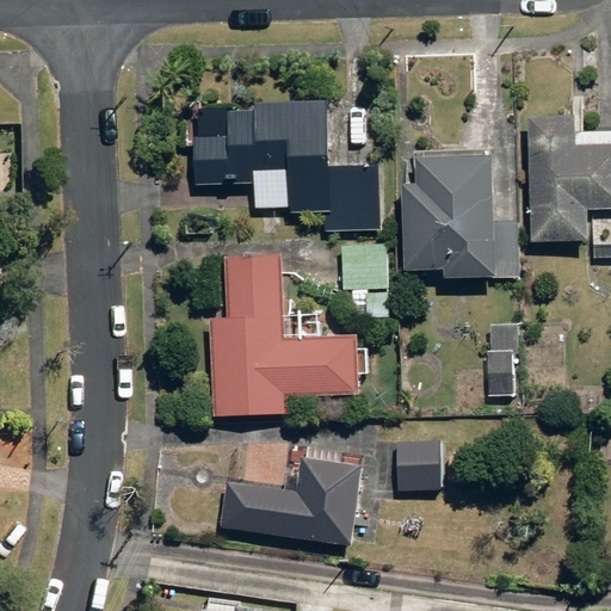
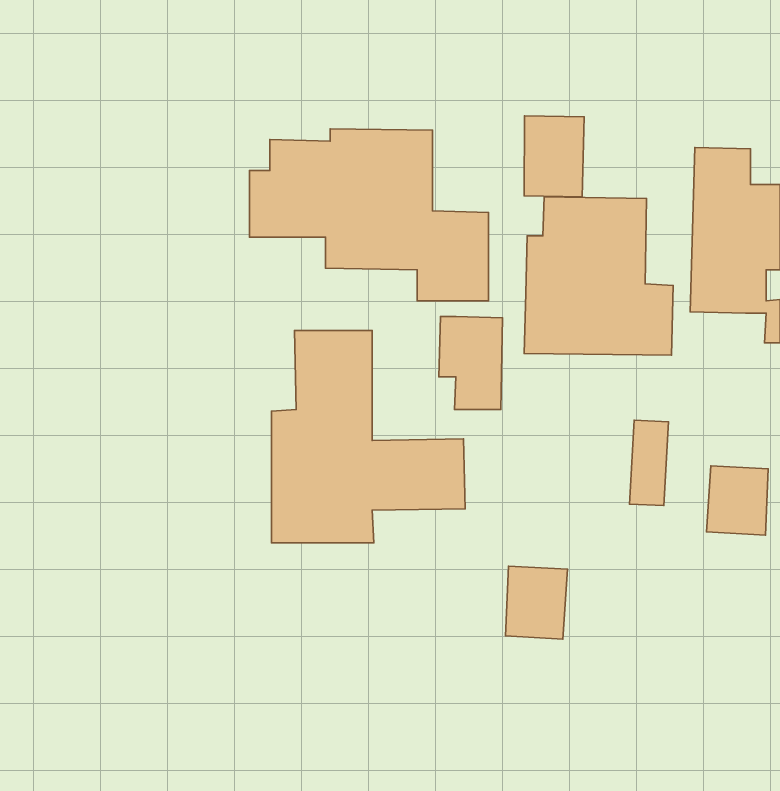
building: none -> [524,116,584,197]
building: none -> [707,466,768,535]
building: [220,458,357,541] -> none

